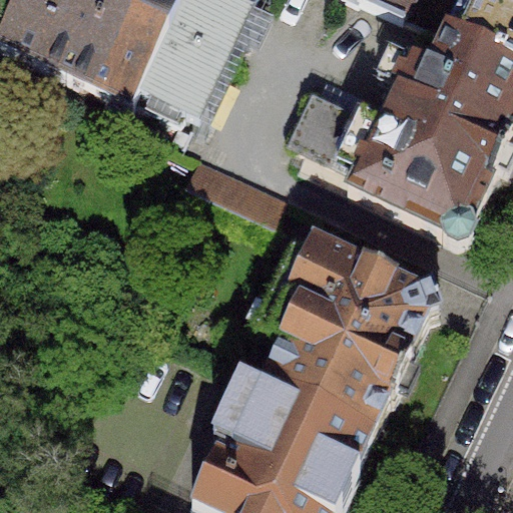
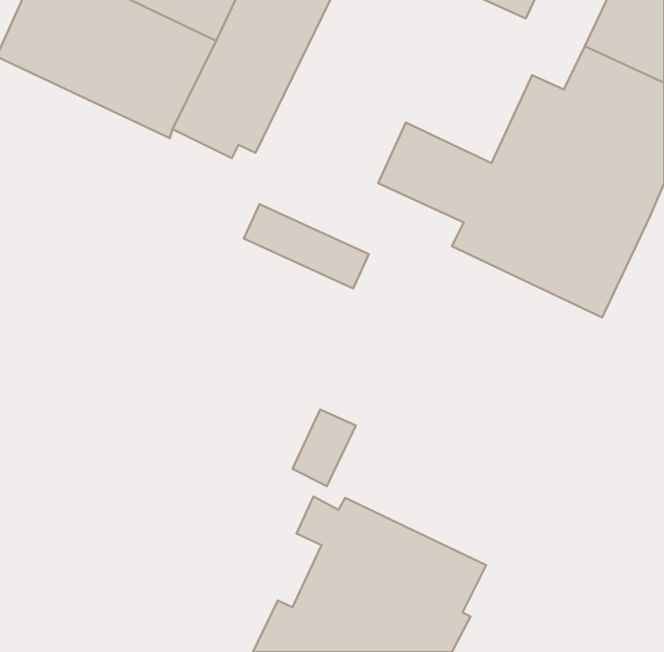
building: [263,243,437,430] -> none

